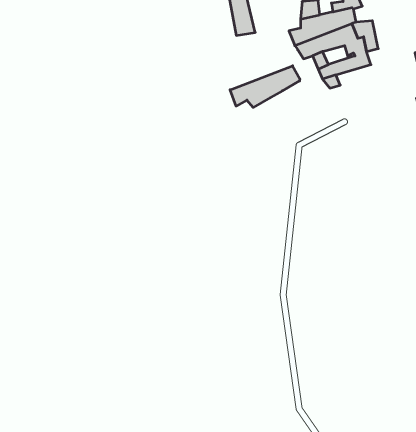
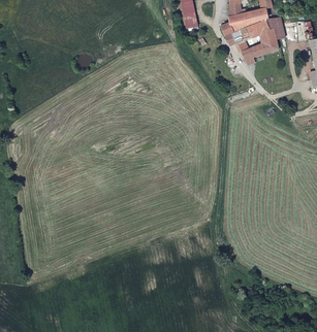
building: [230,66,300,107] -> none

